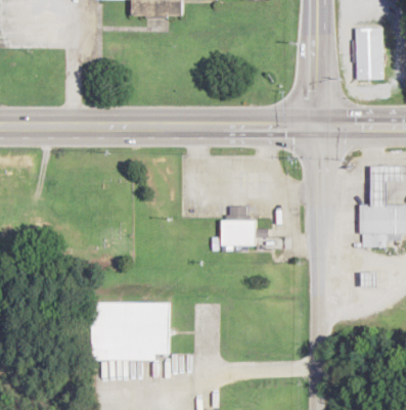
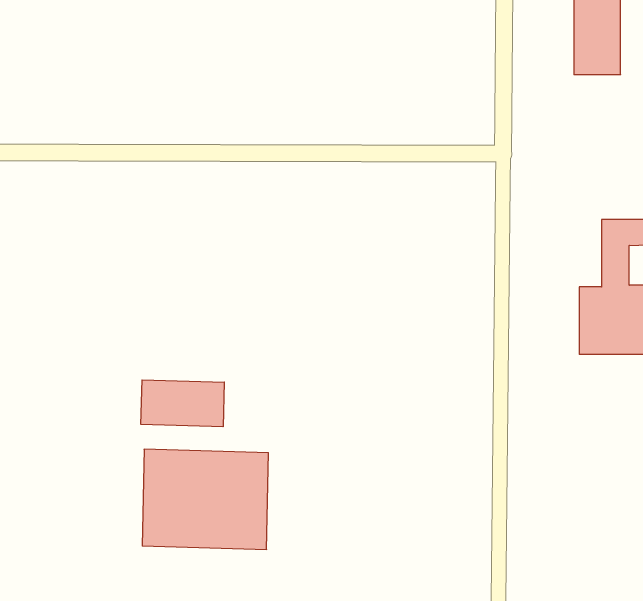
building: [217,220,256,246] -> none
building: none -> [141,380,224,427]

